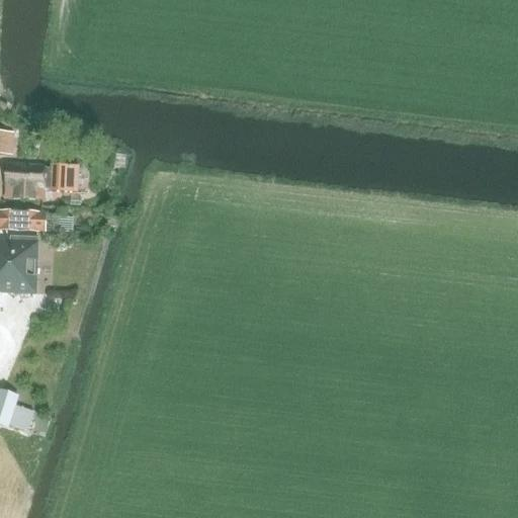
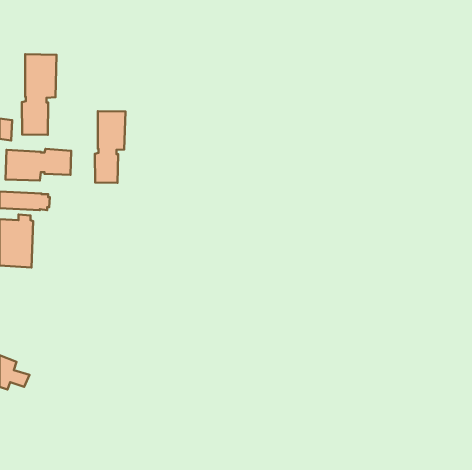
building: none -> [22,54,57,135]
building: none -> [95,111,125,183]

